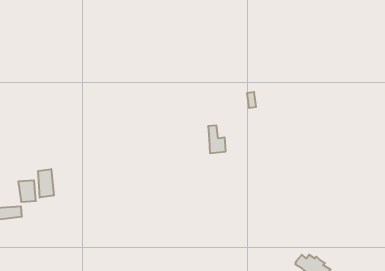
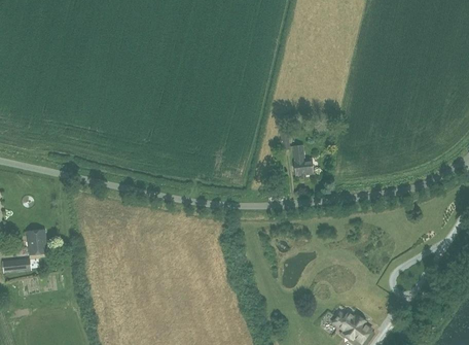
building: [208,125,226,153] -> [292,143,312,174]
building: [38,169,54,198] -> none

